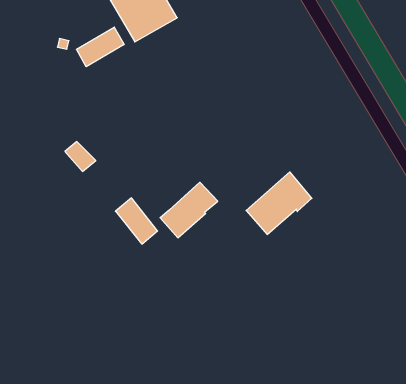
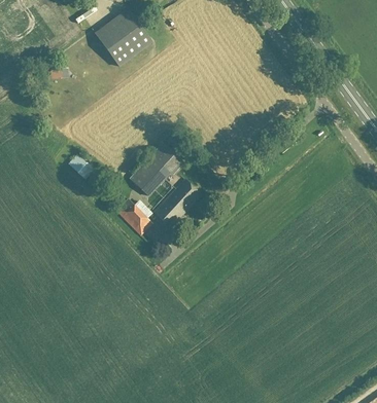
building: [76,27,124,67] -> none
building: [246,172,312,234] -> [128,142,182,196]

